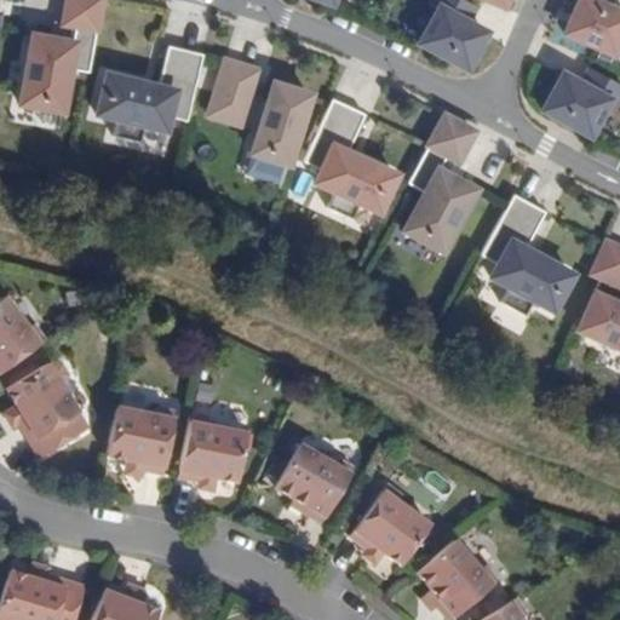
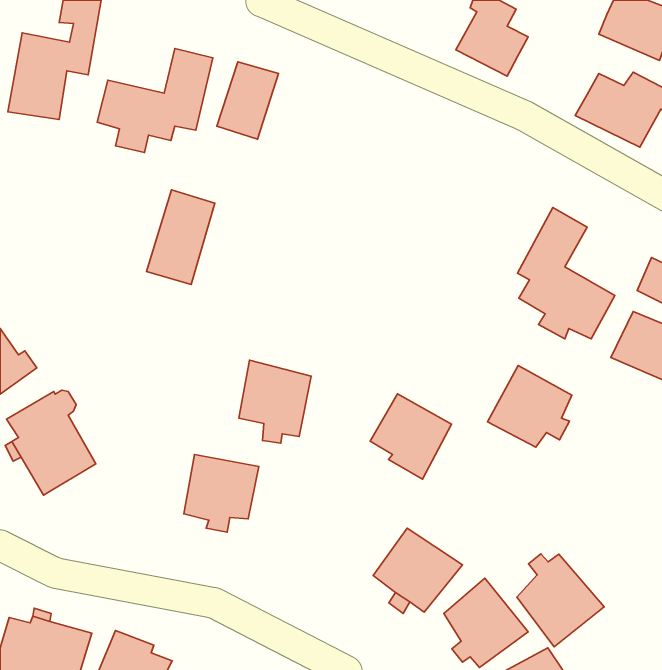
building: [247,79,310,166] -> [146,190,215,285]
building: [306,99,397,218] -> none
building: [400,111,481,252] -> none
building: none -> [488,365,572,447]
building: [107,401,173,477] -> [239,360,311,443]
building: [275,442,350,521] -> [370,394,451,479]
building: none -> [517,554,604,647]

